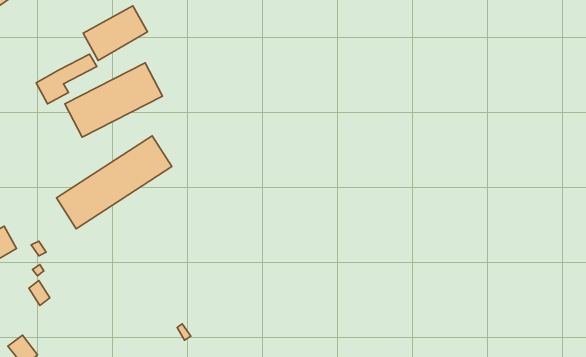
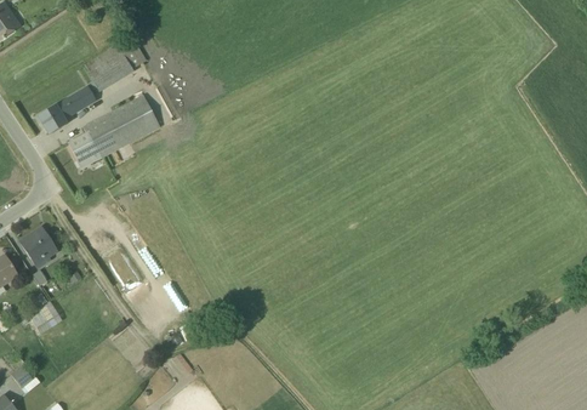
building: [56,136,172,229] -> none
building: none -> [18,226,57,268]

